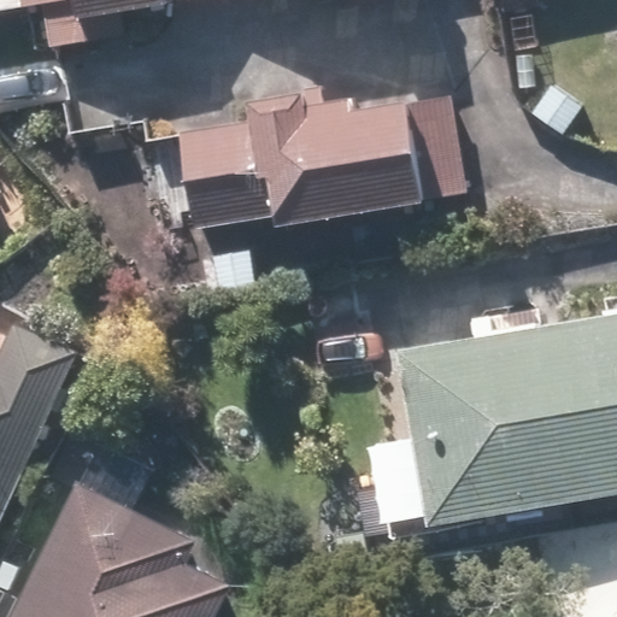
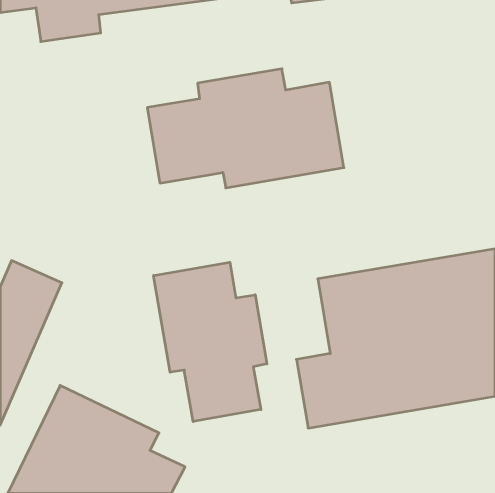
building: none -> [154,262,267,422]

